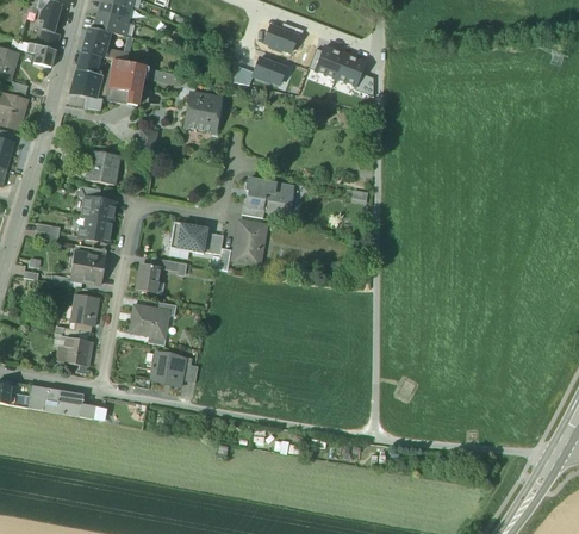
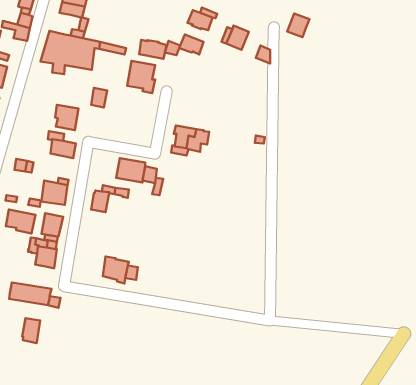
building: [81,27,108,57] -> none
building: [335,54,365,85] -> [287,14,310,37]
building: none -> [139,40,166,59]
building: [77,215,112,242] -> none
building: [234,221,266,263] -> none
building: none -> [6,210,35,234]
building: [129,304,166,336] -> none
building: none -> [22,318,40,343]

